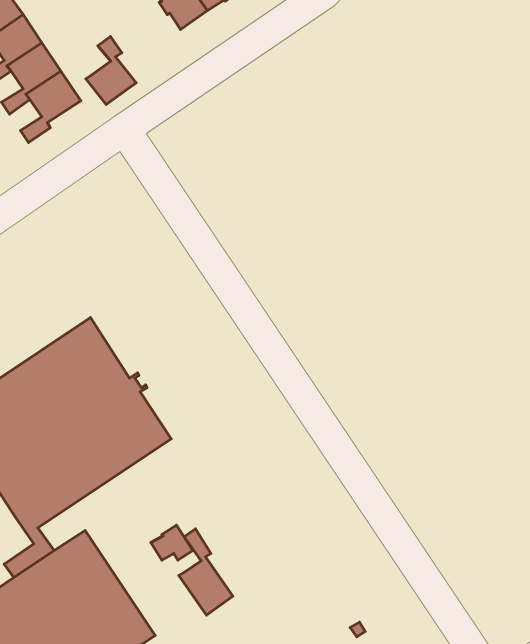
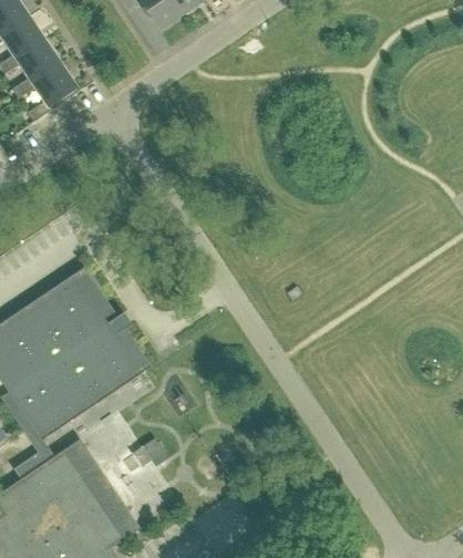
building: [86,37,136,105] -> none
building: [179,529,233,615] -> none

